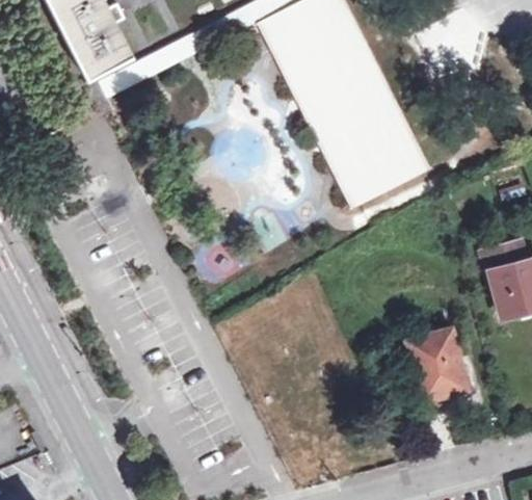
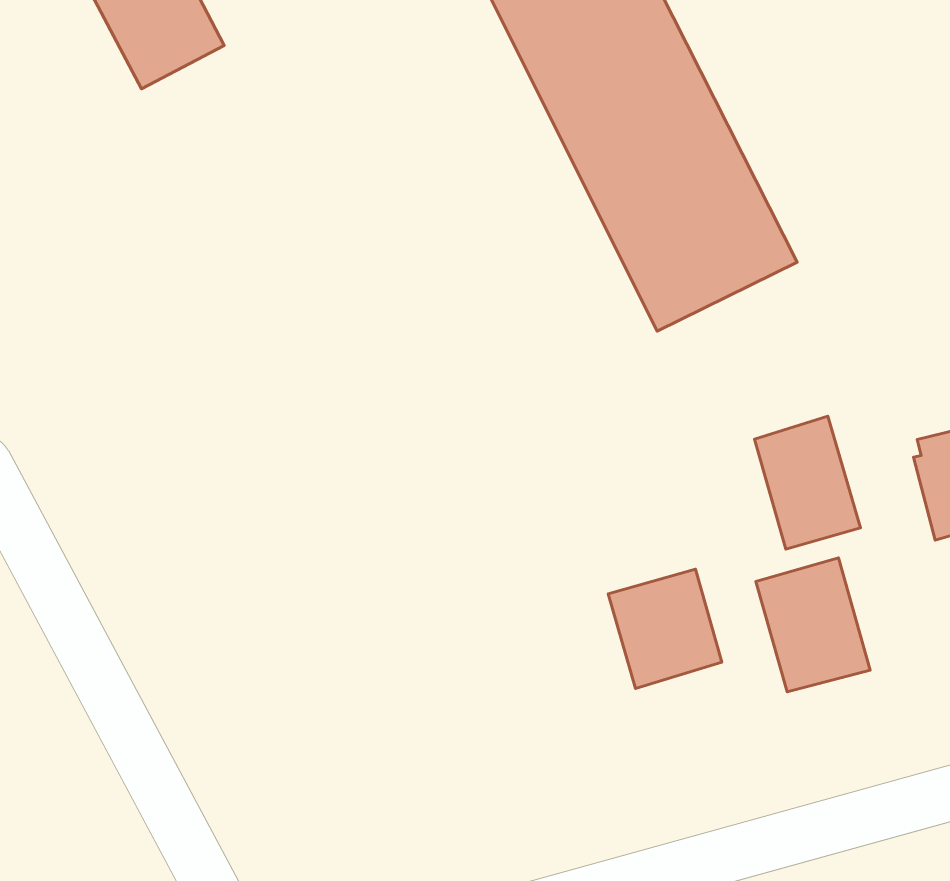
building: none -> [754,416,860,549]
building: none -> [608,569,722,688]

